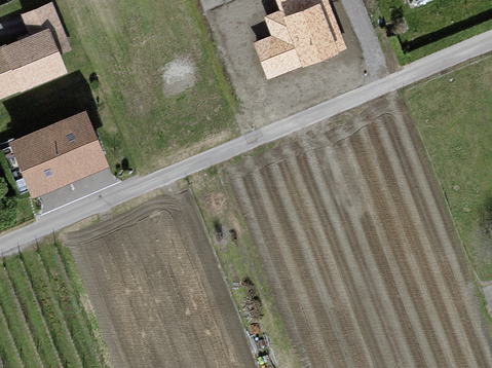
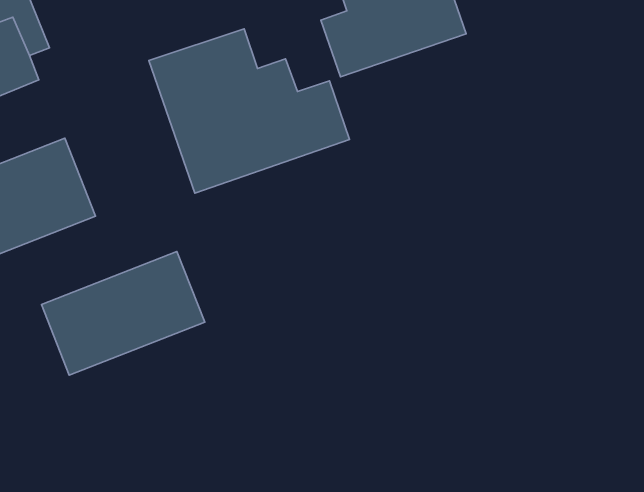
building: none -> [149,29,350,193]
building: none -> [41,251,205,375]

